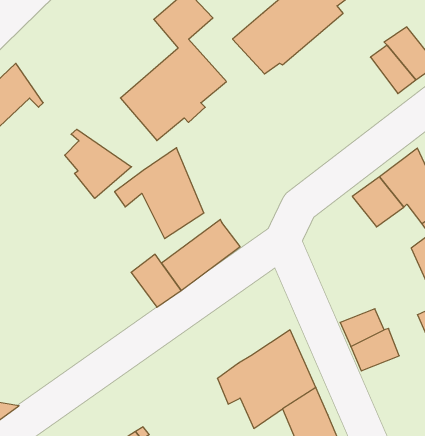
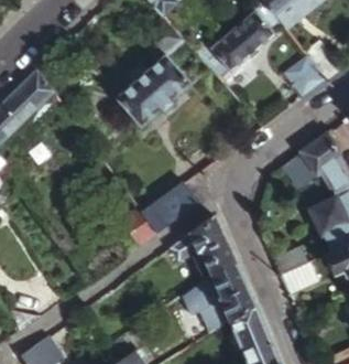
building: [65,129,132,198] -> none
building: [115,148,204,239] -> [172,217,237,283]

